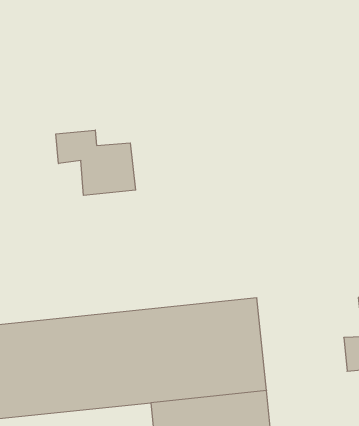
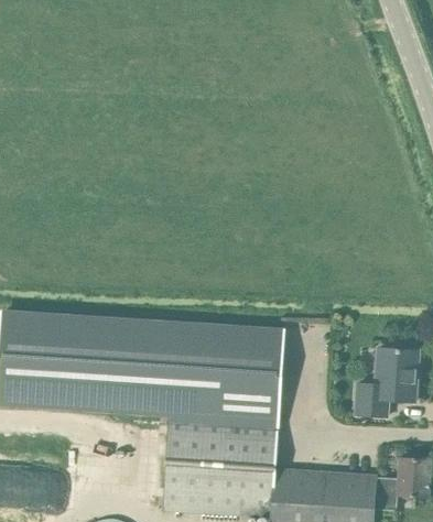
building: [56,130,136,195] -> none

